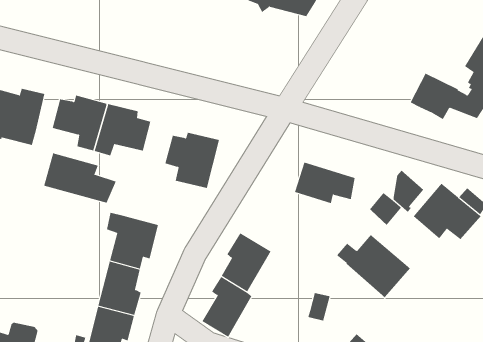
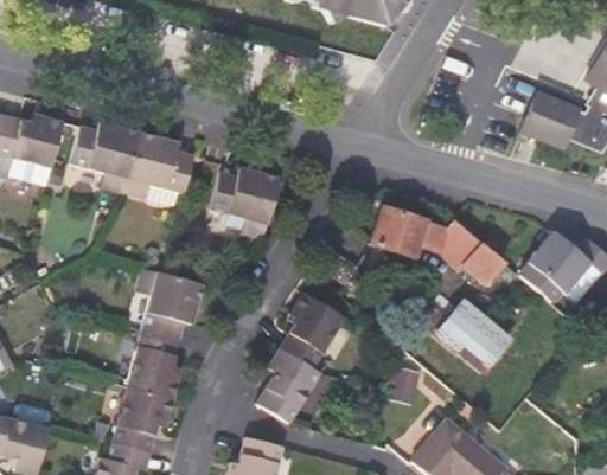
building: [44,152,117,203] -> none
building: [393,170,424,213] -> [442,218,481,271]

